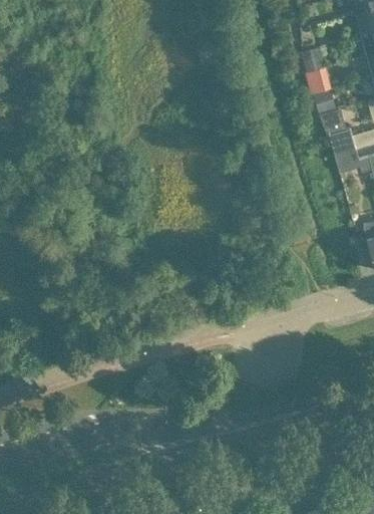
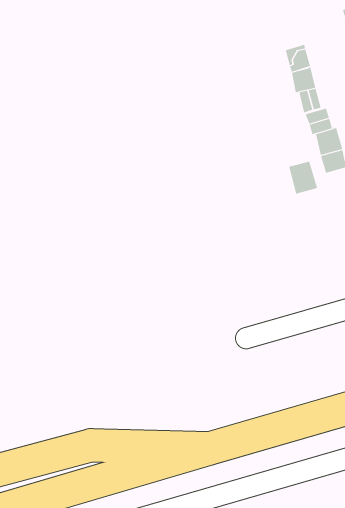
building: none -> [288,161,318,195]

